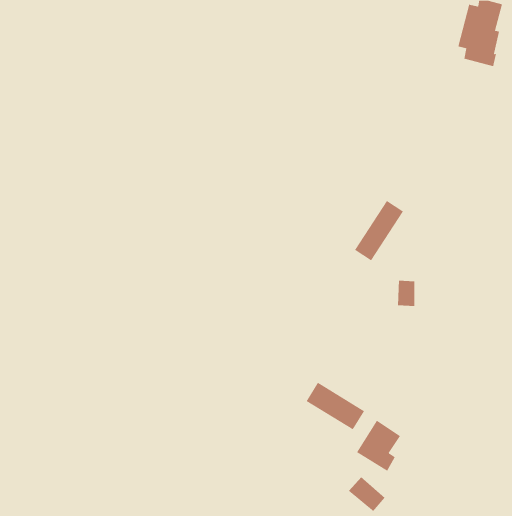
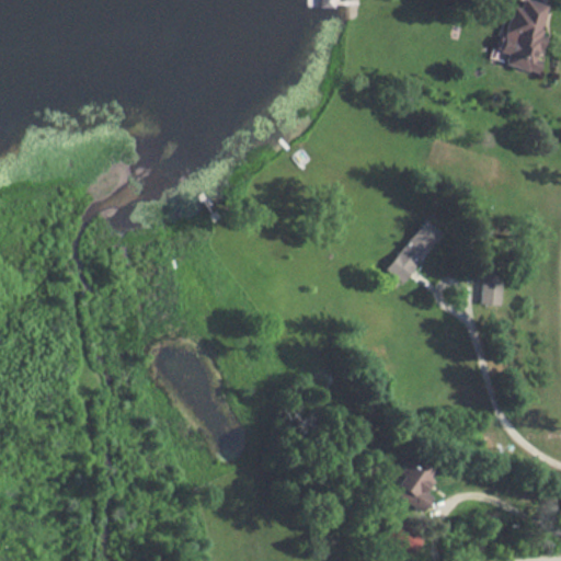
building: [397,280,415,306] -> [483,276,503,305]
building: [306,382,365,430] -> none

